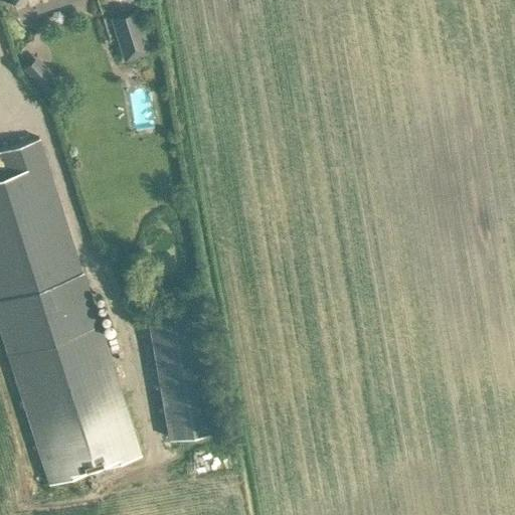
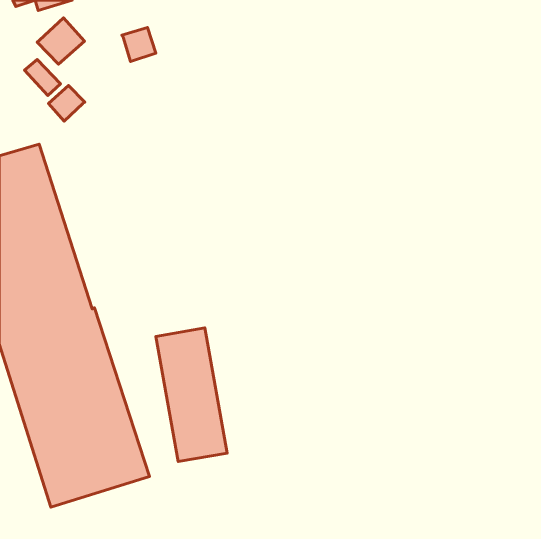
building: none -> [37,18,84,64]
building: none -> [48,86,85,121]

